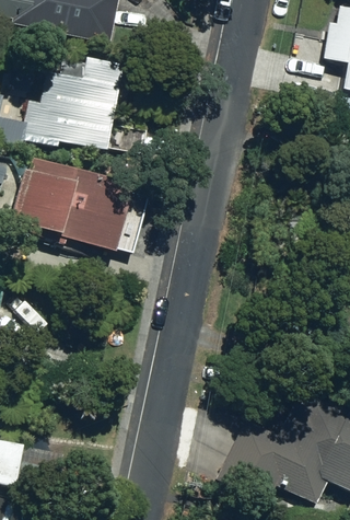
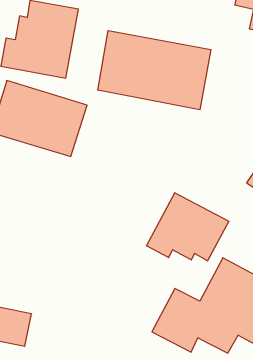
building: none -> [98,31,211,110]
building: none -> [147,193,229,261]

